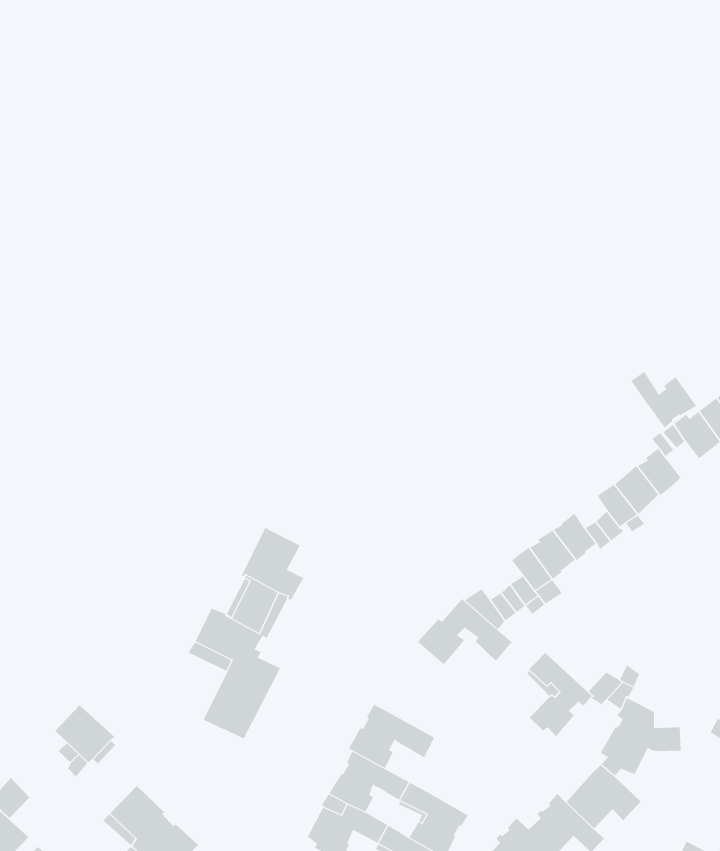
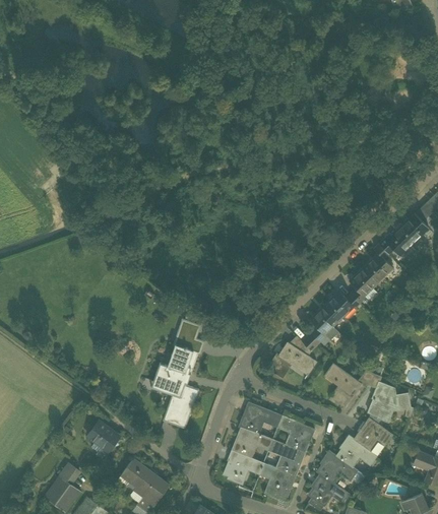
building: [630,371,697,429] -> none
building: none -> [278,415,314,453]

